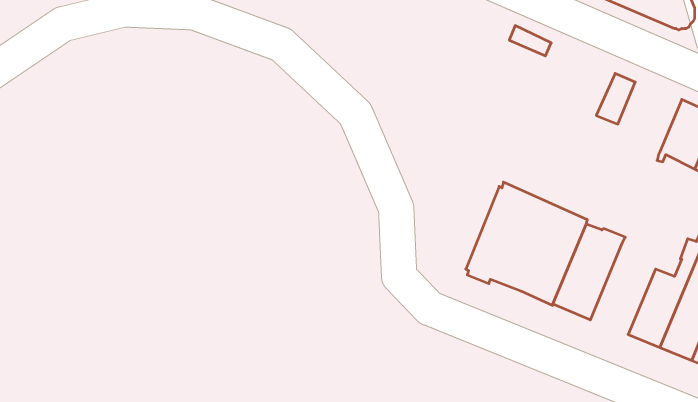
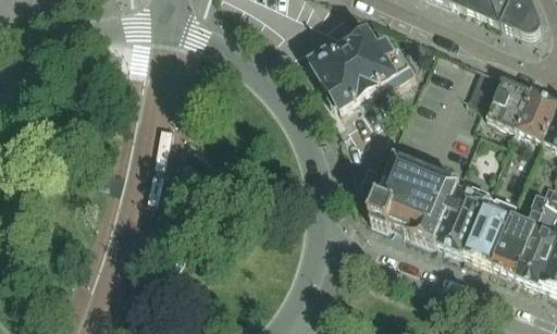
building: none -> [307,28,413,109]
building: none -> [484,73,530,126]
building: none -> [460,193,513,263]

